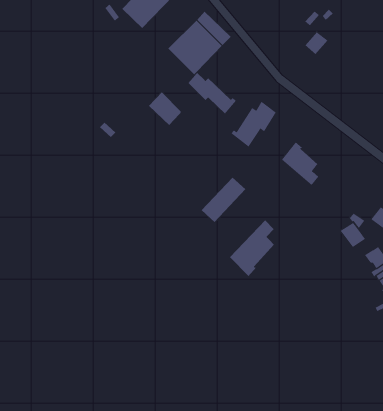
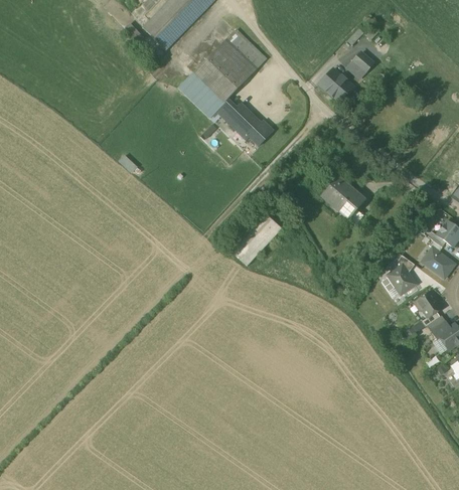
building: none -> [320,68,352,101]
building: [148,92,183,126] -> [186,77,224,116]
building: [231,101,276,147] -> none
building: [229,219,277,277] -> none

